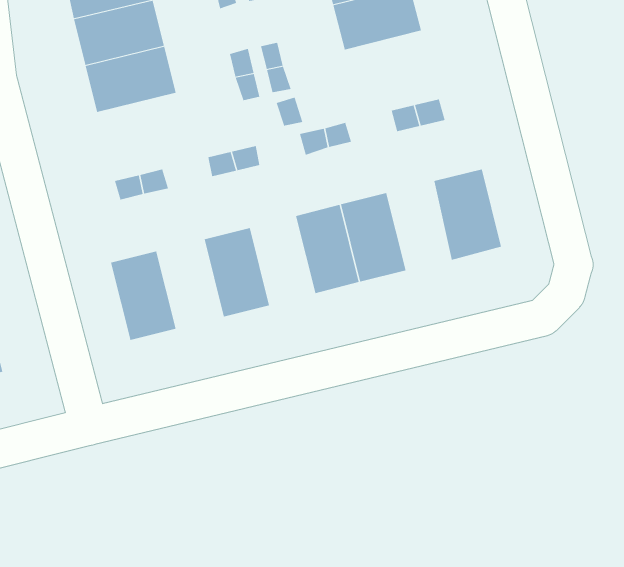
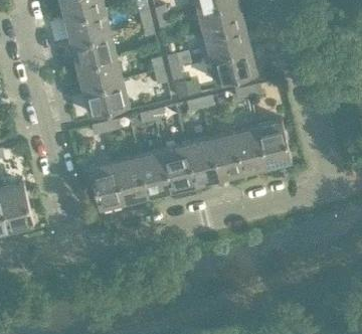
building: none -> [209,48,255,84]
building: none -> [81,80,129,116]
building: none -> [231,126,264,172]
building: none -> [161,144,194,190]
building: none -> [113,156,147,202]

